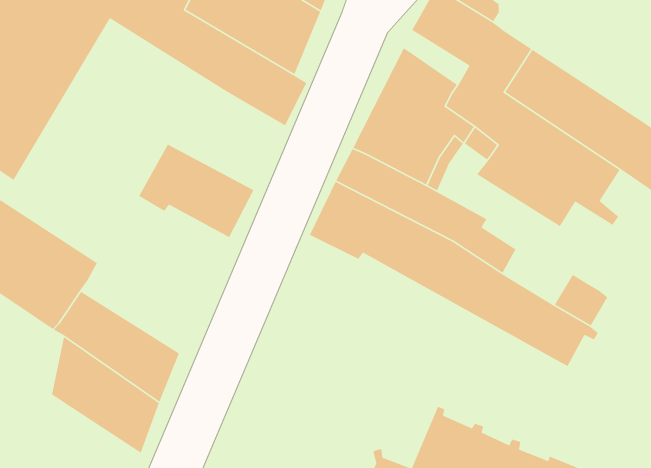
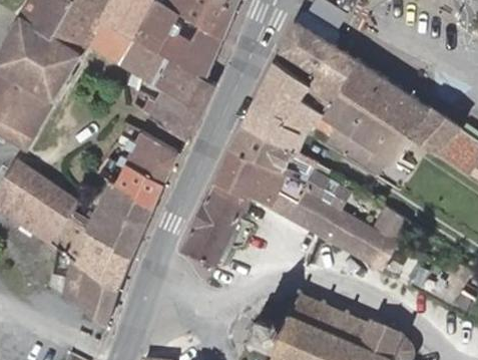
building: none -> [149,90,200,137]
building: none -> [68,157,164,259]
building: none -> [182,183,248,265]

